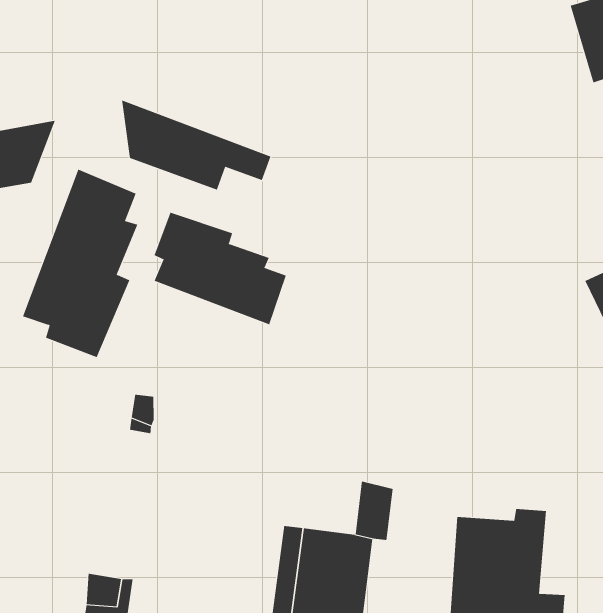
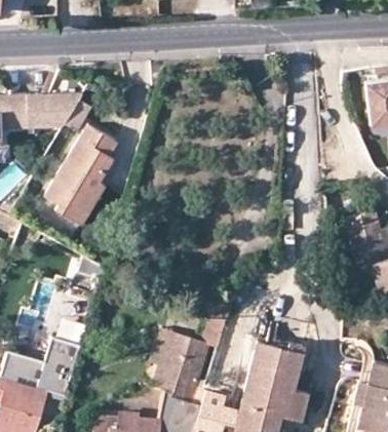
building: [122,100,271,191] -> none
building: [154,212,287,325] -> none

